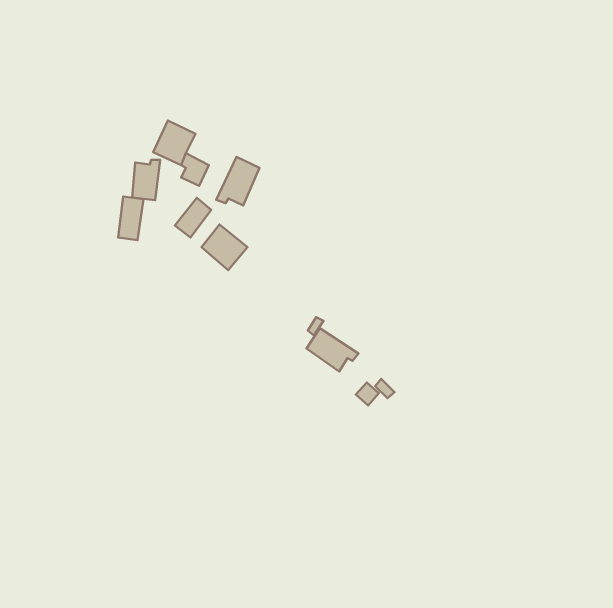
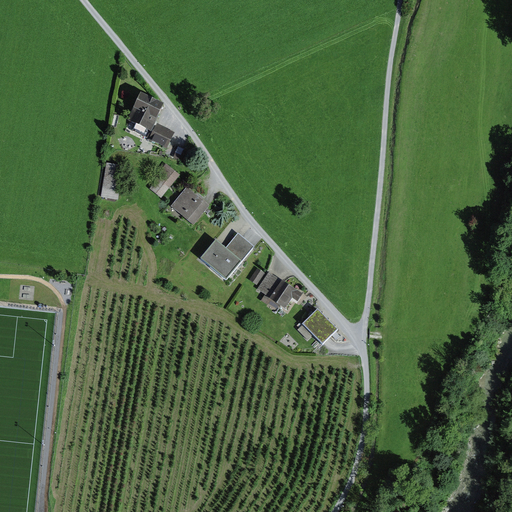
building: [216,157,259,206] -> none
building: [132,160,160,200] -> none
building: none -> [199,233,253,280]

